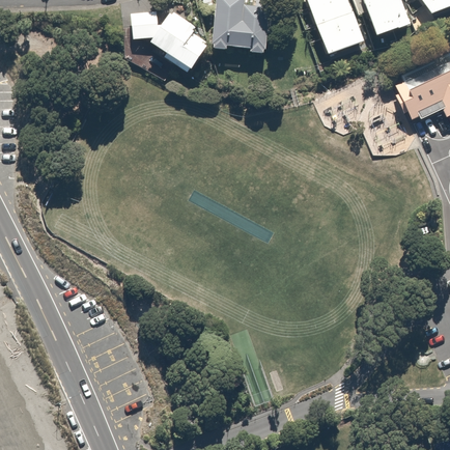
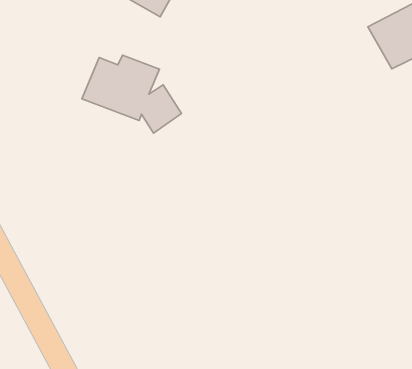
building: none -> [82,55,181,133]

